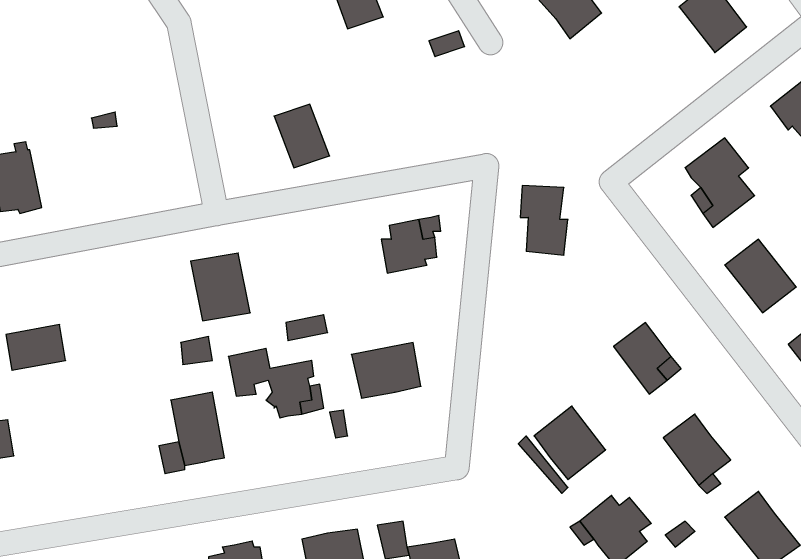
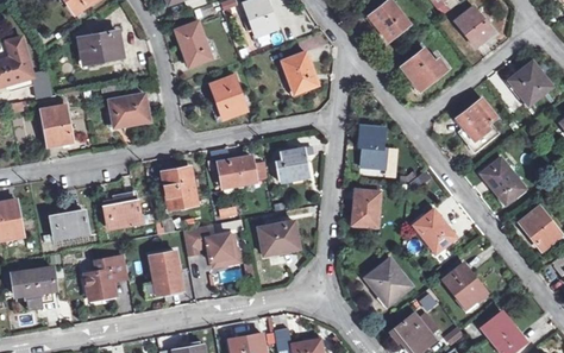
building: none -> [175,21,211,65]
building: none -> [81,31,119,62]
building: none -> [402,49,445,88]
building: none -> [281,52,317,93]
building: none -> [109,94,148,125]
building: none -> [218,156,256,187]
building: none -> [352,189,378,226]
building: none -> [105,195,140,229]
building: none -> [84,256,126,297]

